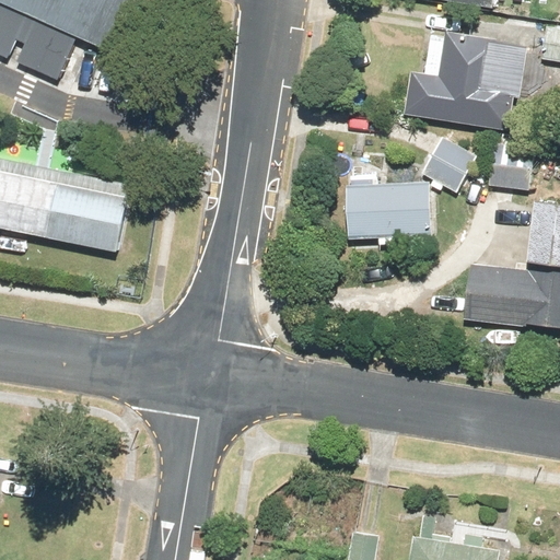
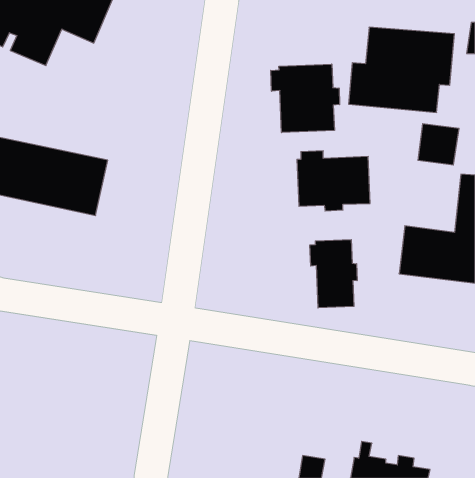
building: none -> [271,64,340,133]
building: [422,137,478,194] -> none
building: none -> [310,240,357,308]

